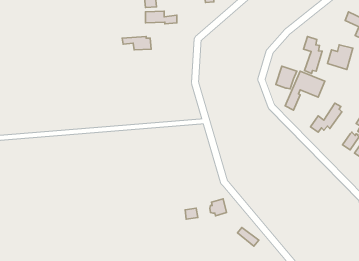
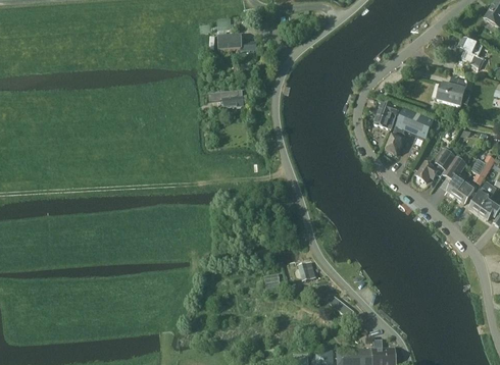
building: [122,36,151,50] -> [208,92,243,108]
building: [303,37,322,73] -> none
building: none -> [444,158,465,197]

